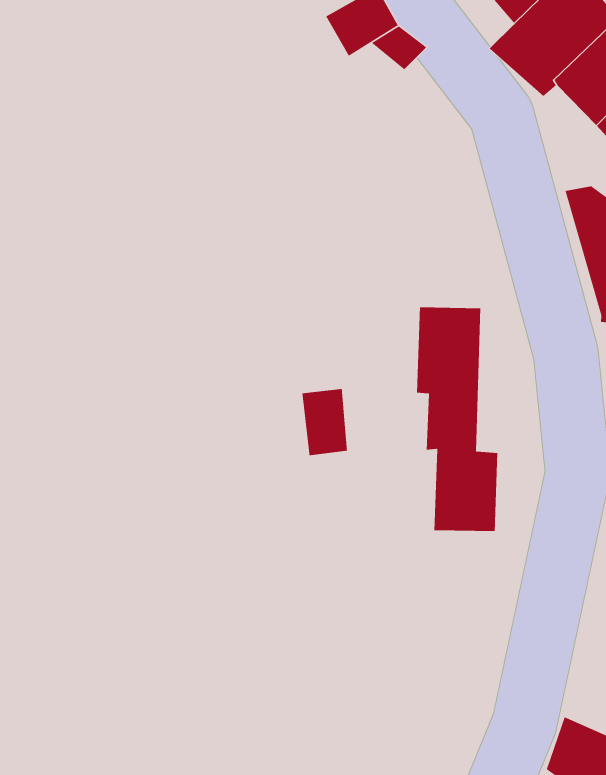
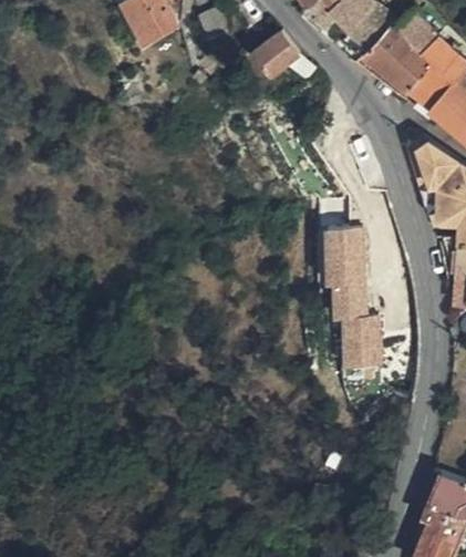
building: [302,388,348,456] -> none

